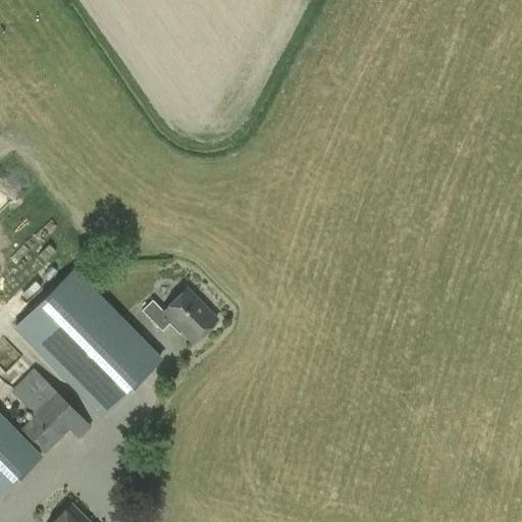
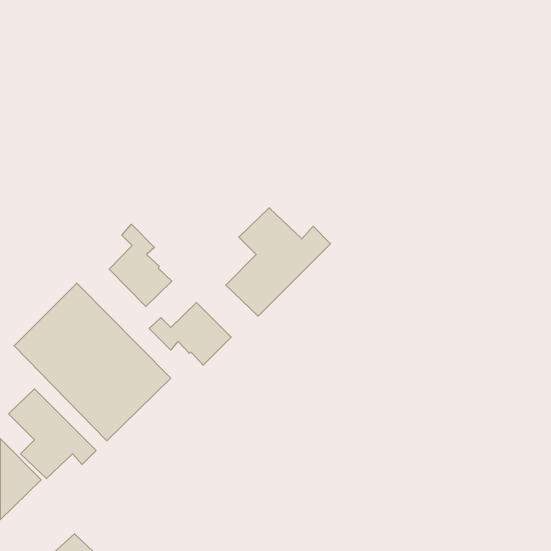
building: none -> [226,208,331,316]
building: none -> [109,224,172,307]

